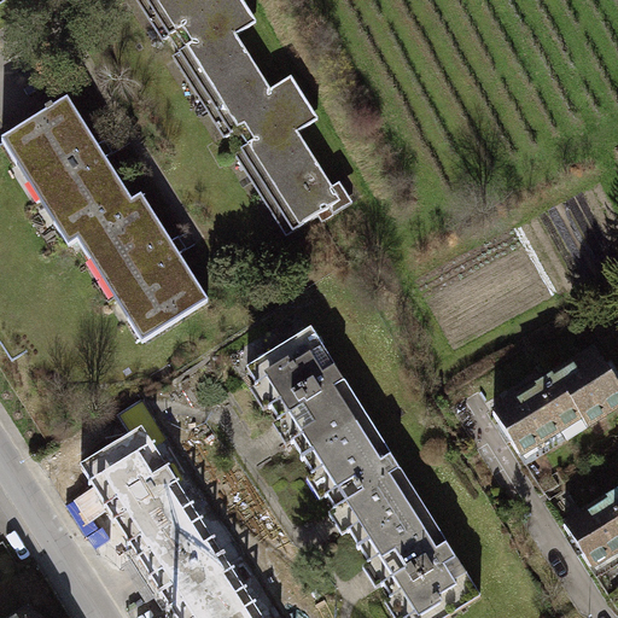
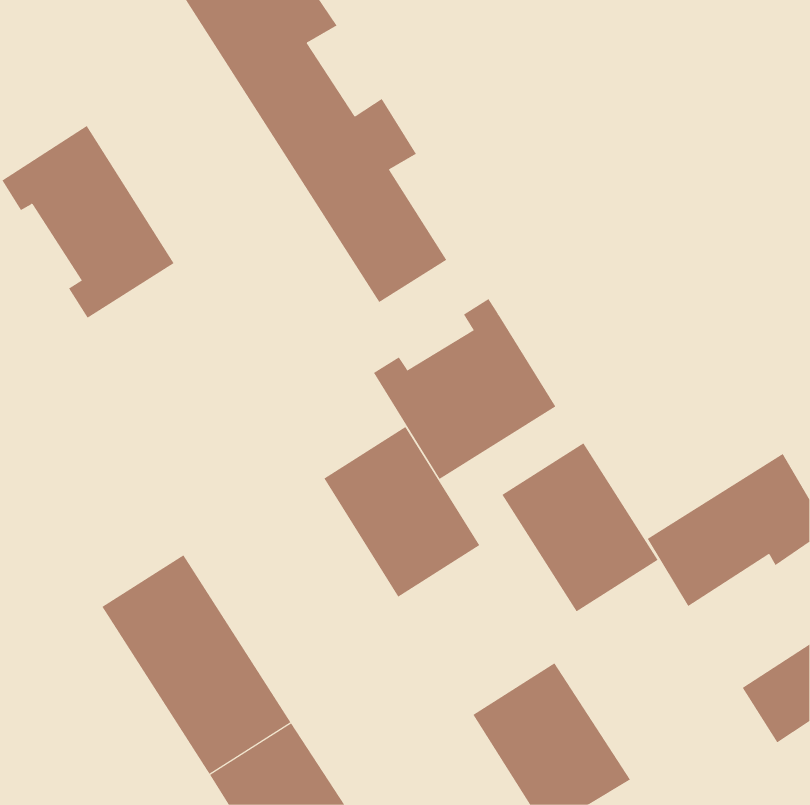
building: [76,194,208,339] -> none
building: none -> [373,298,556,480]
building: [303,415,422,544] -> [502,443,658,612]

